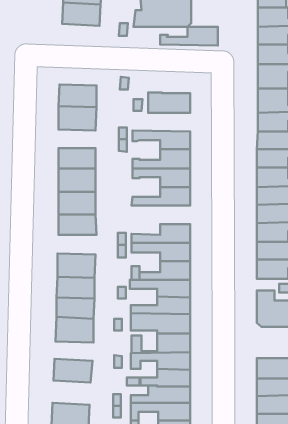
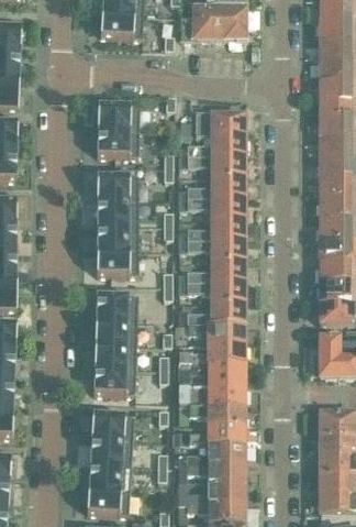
building: [160,27,218,45] -> [180,136,245,157]
building: none -> [179,241,245,262]
building: none -> [90,438,133,465]

